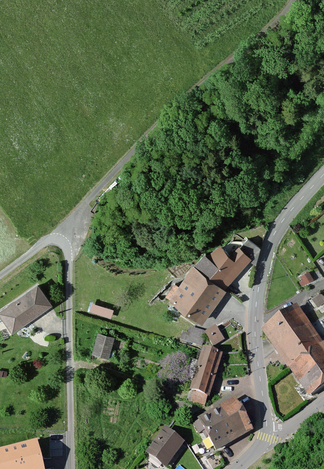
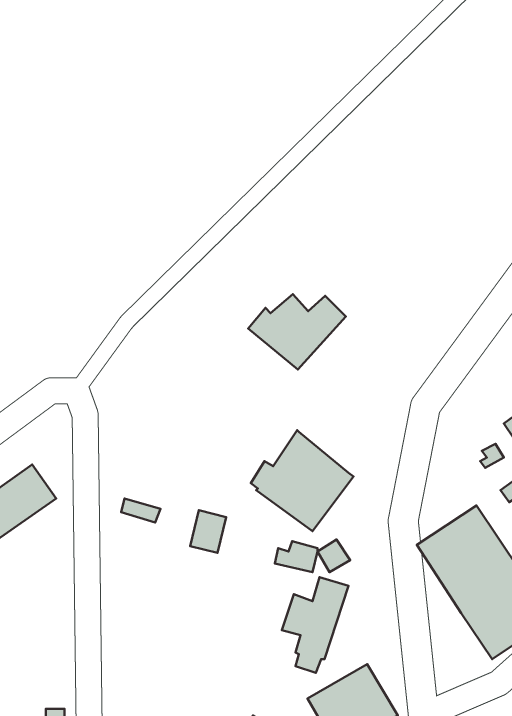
building: [194,244,251,288] -> [248,294,346,369]
building: [93,332,114,357] -> [190,510,226,553]

